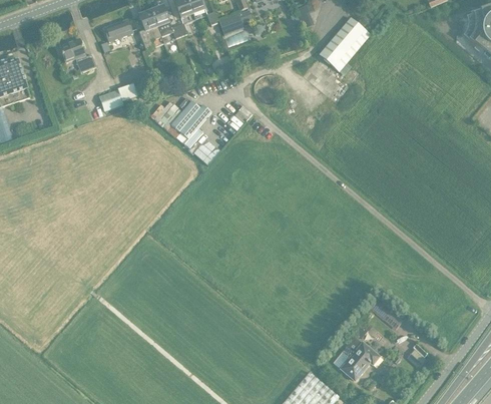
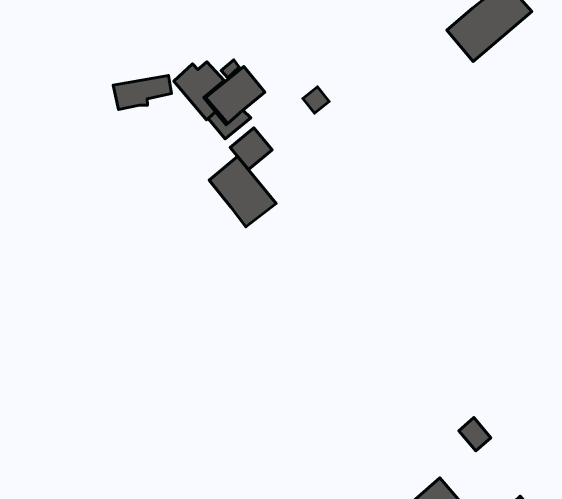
building: [98,83,136,110] -> [113,76,172,110]
building: none -> [209,157,276,227]

